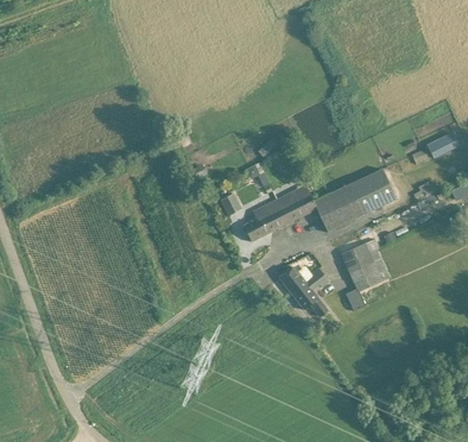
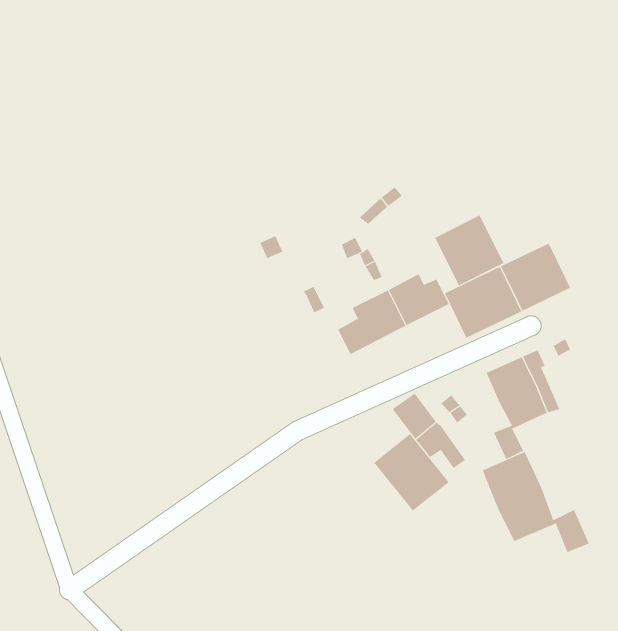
building: none -> [434,215,504,286]
building: none -> [374,433,449,512]
building: none -> [482,451,589,553]

